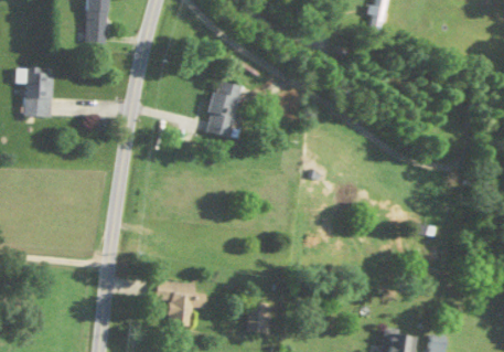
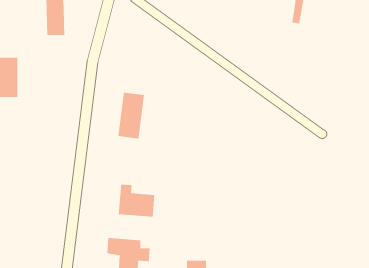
building: [204,81,236,136] -> [118,92,145,139]
building: none -> [118,184,155,218]

